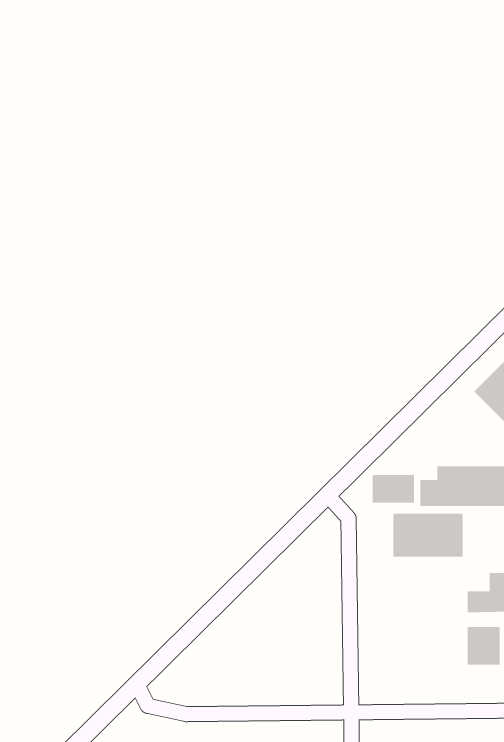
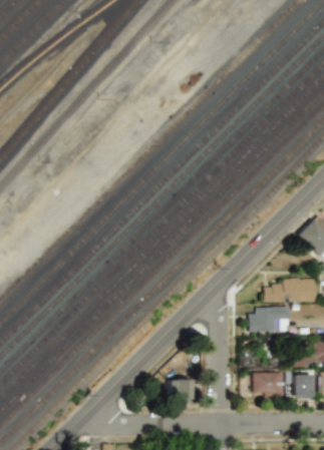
building: [372,474,414,503] -> none
building: none -> [253,373,284,396]
building: none -> [168,379,194,402]

